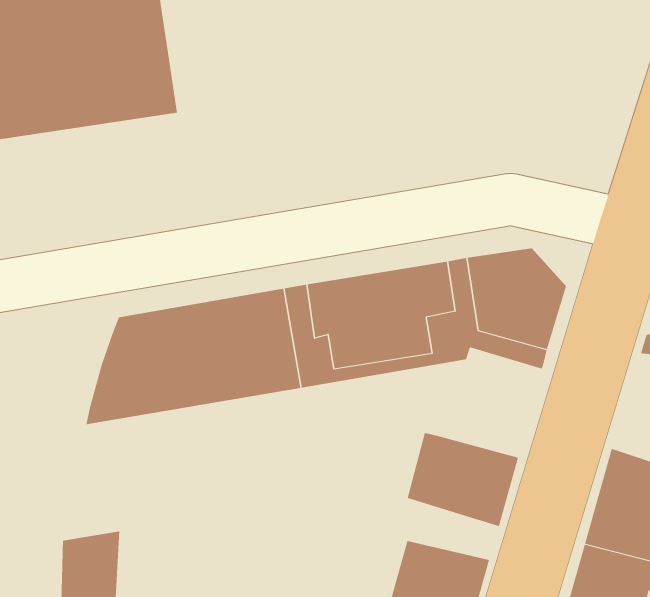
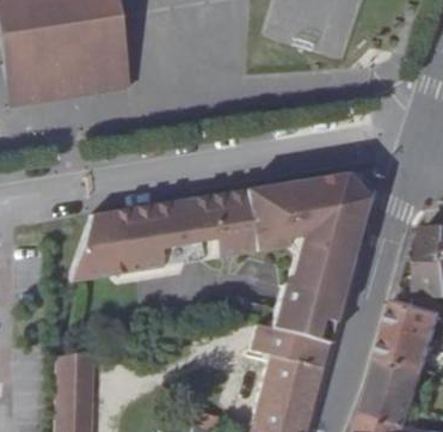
building: none -> [289,233,356,302]
building: none -> [251,323,330,365]

